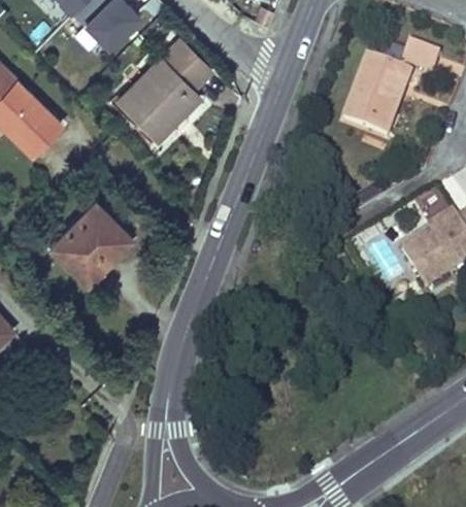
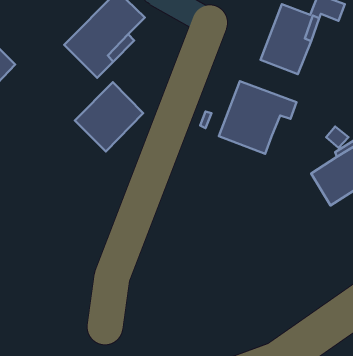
building: none -> [219,81,296,154]
building: [49,200,129,280] -> [75,82,143,151]

